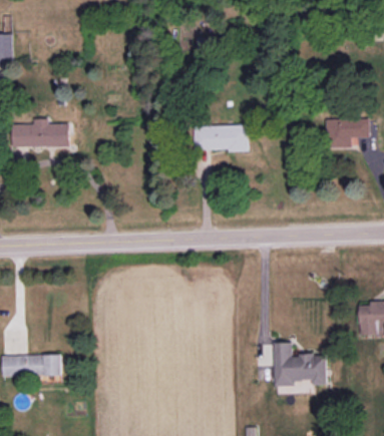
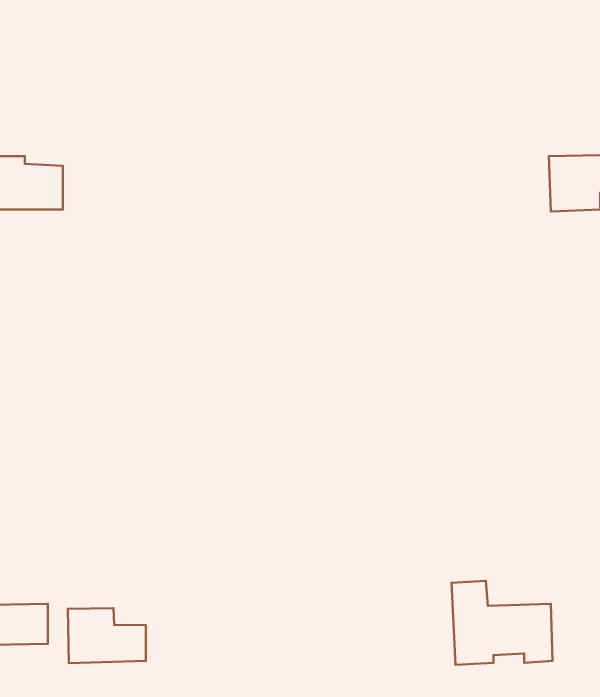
building: [194,125,249,151] -> none
building: none -> [68,608,146,663]

